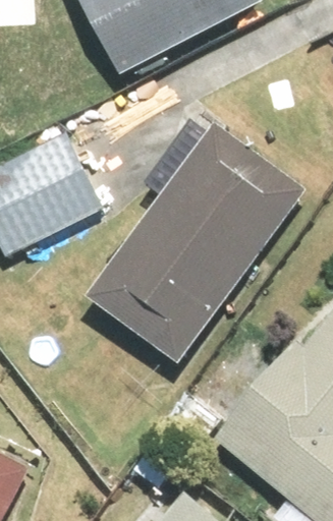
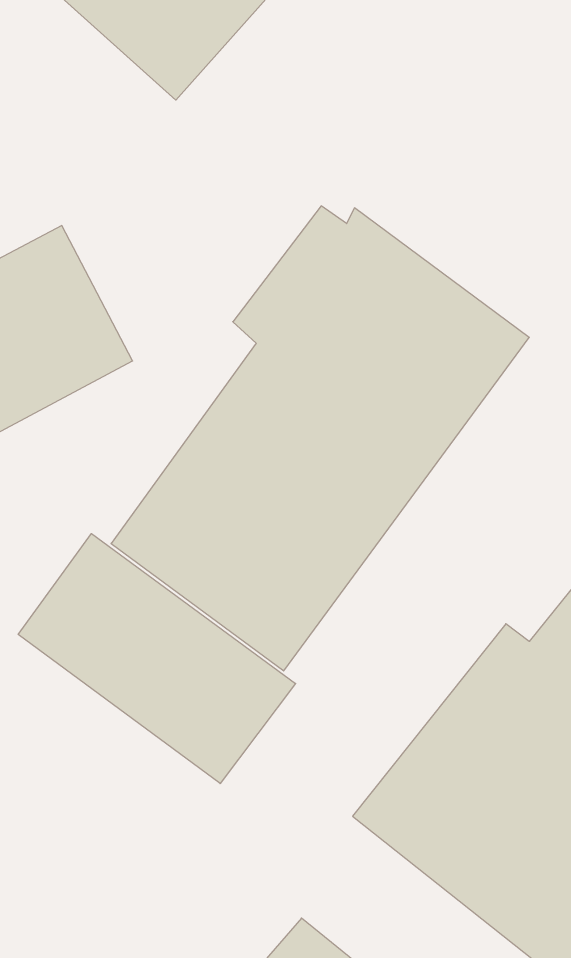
building: none -> [18,534,296,784]

